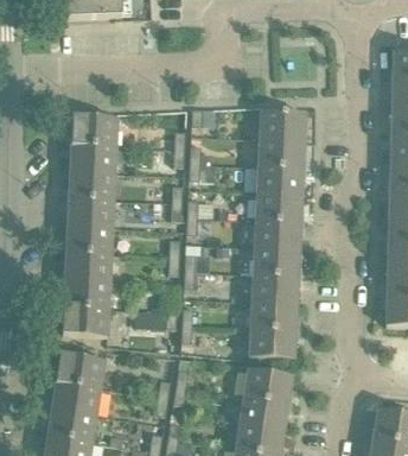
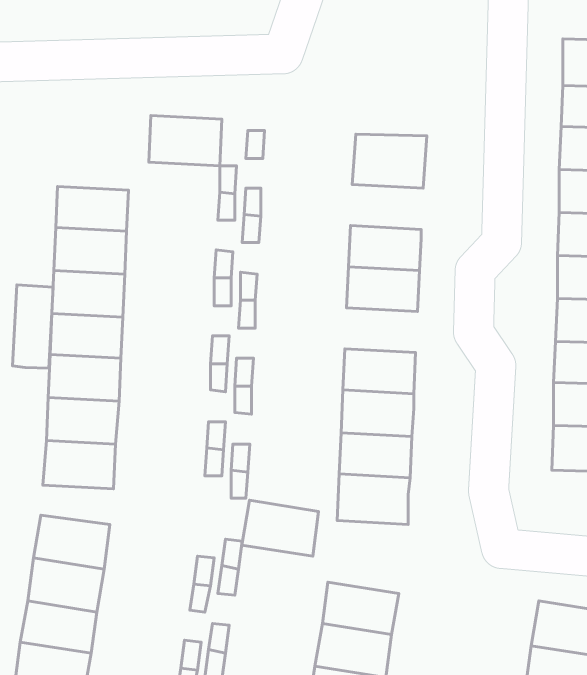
building: [71,114,117,146] -> [149,115,222,166]
building: [257,142,304,171] -> none
building: none -> [12,285,53,368]
building: [254,221,300,249] -> none
building: [243,367,292,403] -> [242,500,318,556]

